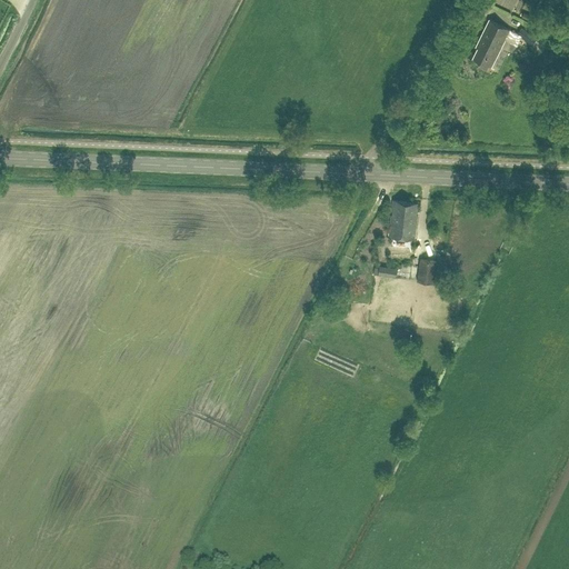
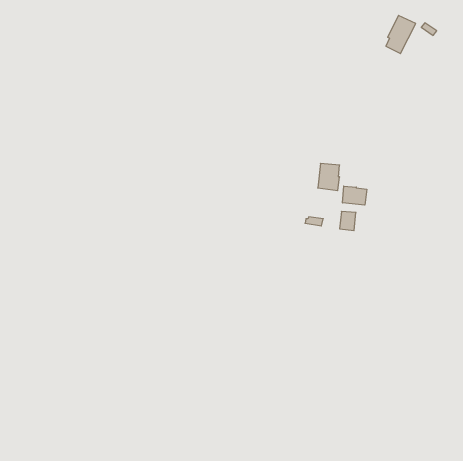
building: none -> [343,186,367,205]

